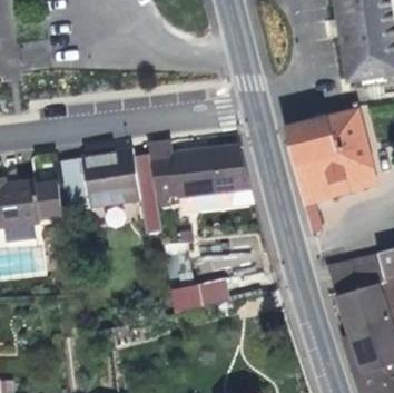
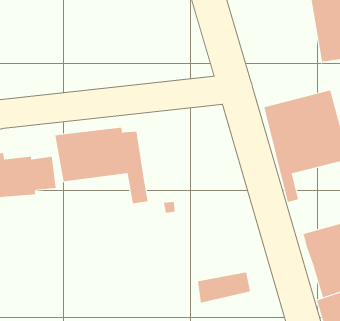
building: [148,139,250,212] -> none
building: [171,278,229,312] -> [197,272,251,303]

